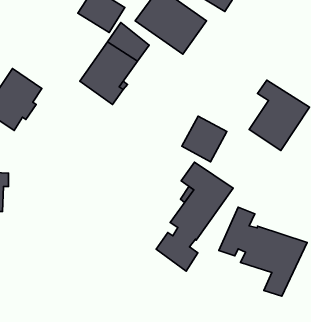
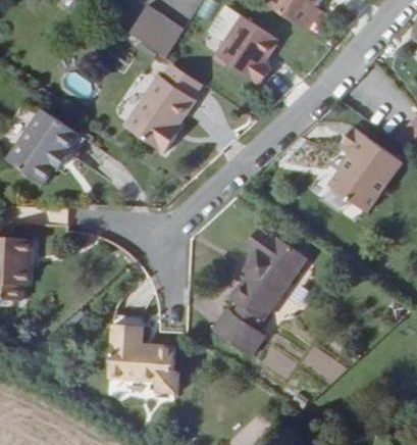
building: [182,116,227,162] -> none
building: [219,207,307,296] -> none
building: none -> [114,327,186,396]

